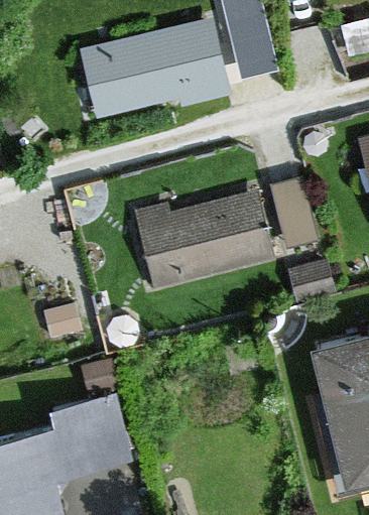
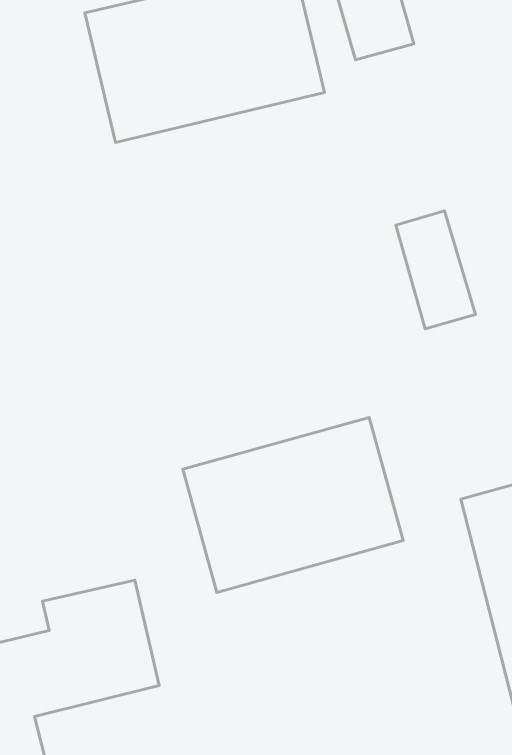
building: [130,181,267,290] -> [183,417,403,592]

